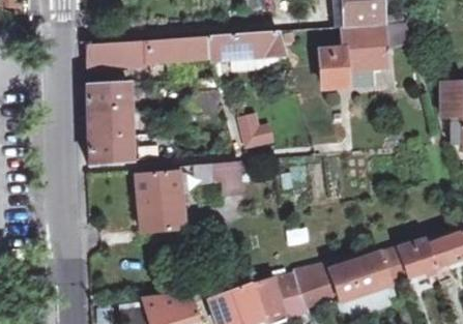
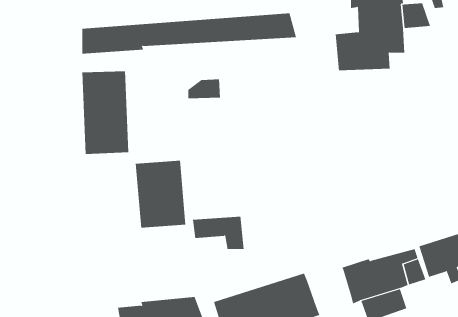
building: [238,112,269,149] -> none
building: [193,163,241,194] -> [192,216,245,250]
building: [296,269,336,303] -> none

